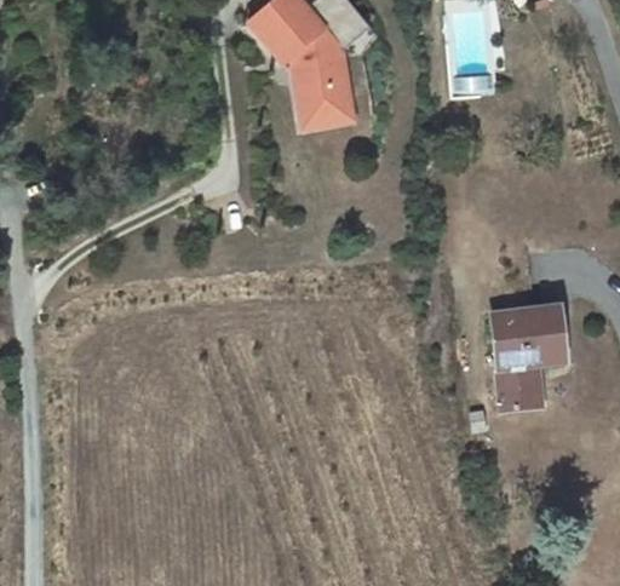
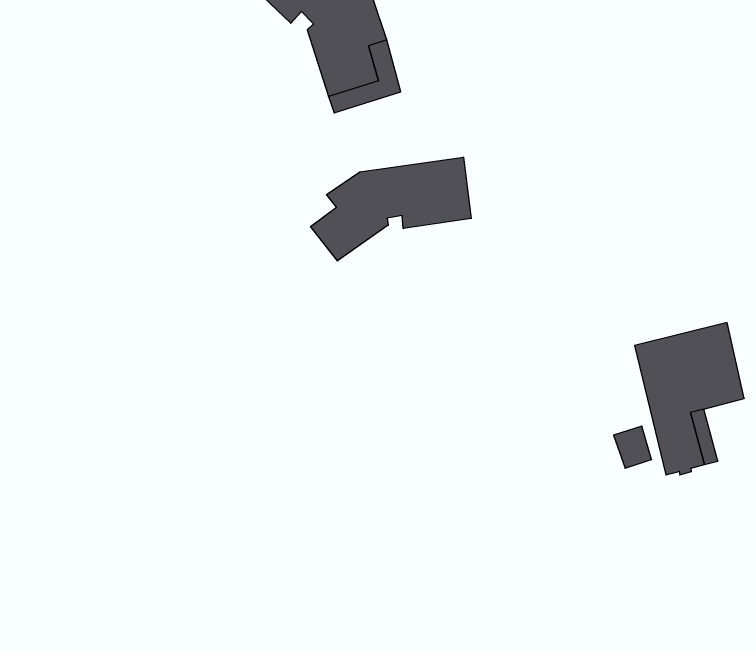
building: none -> [311,157,471,261]

